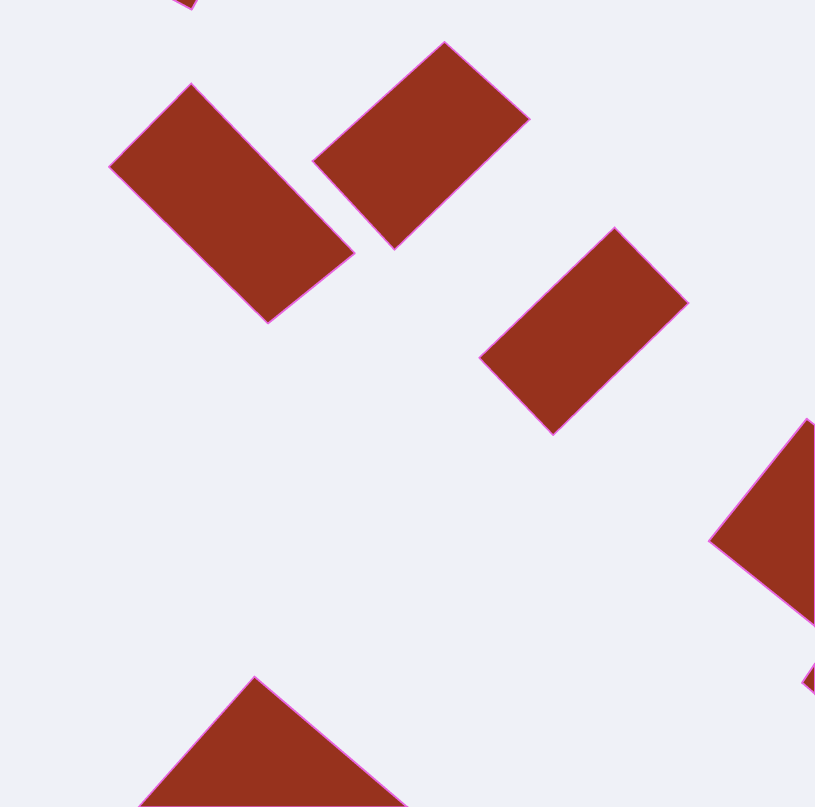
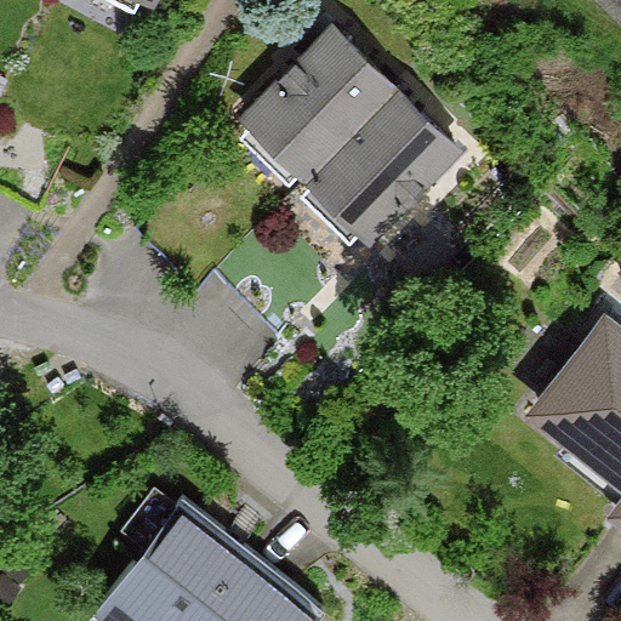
building: [109,83,355,323] -> none
building: [479,227,689,435] -> [297,90,455,246]

